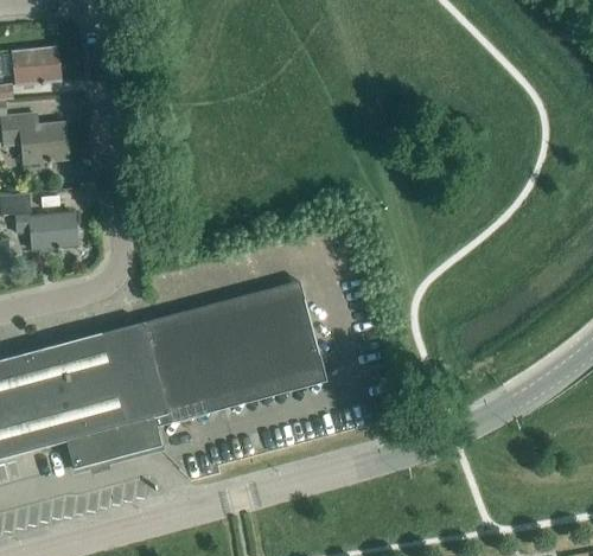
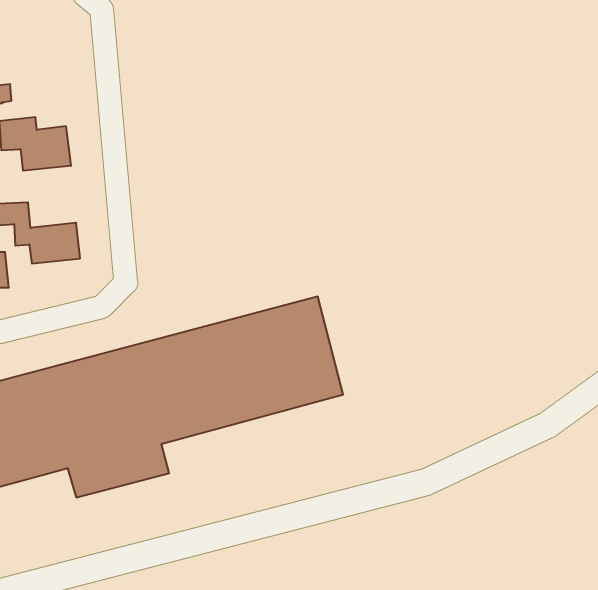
building: [12,47,60,85] -> none

